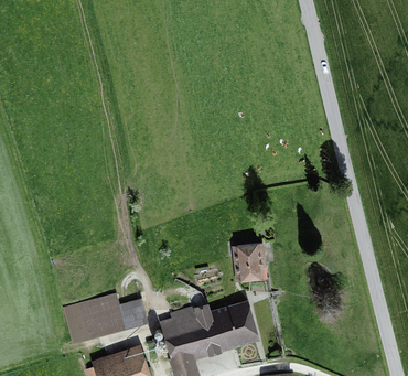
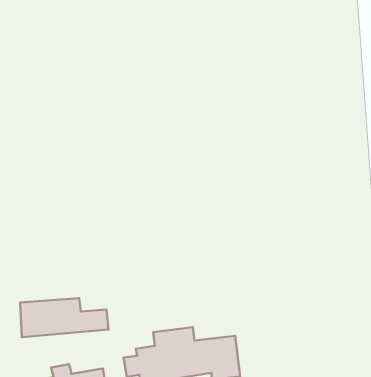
building: [240,243,268,275] -> none

